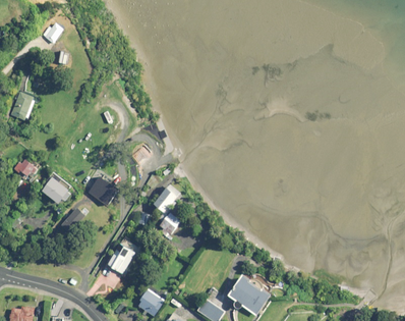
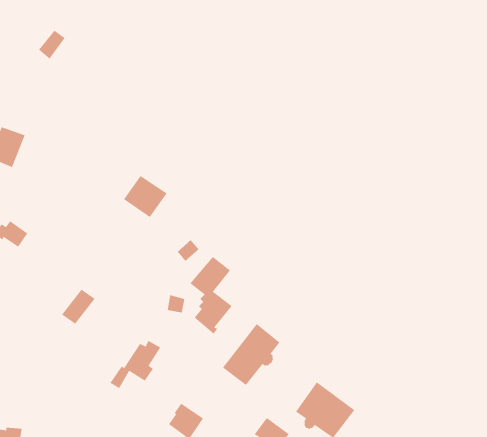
building: [86,176,118,207] -> [123,175,167,218]
building: [42,177,71,203] -> none
building: none -> [222,323,280,386]

